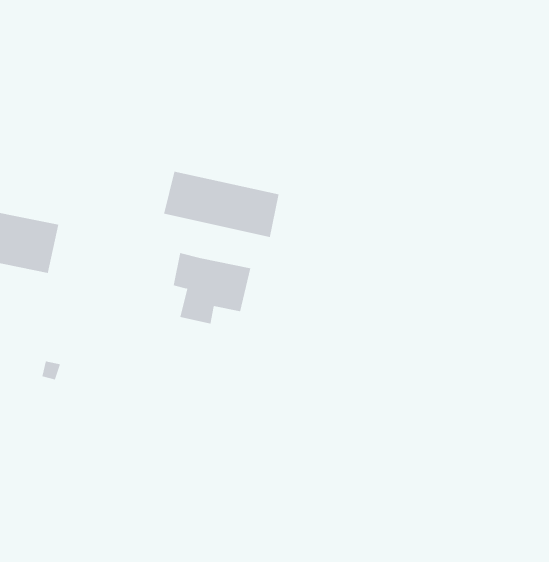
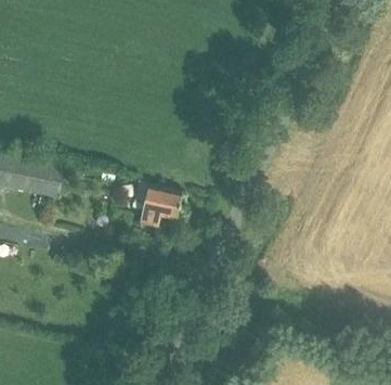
building: [164,171,279,238] -> none

